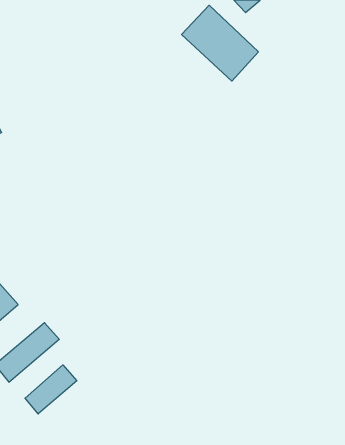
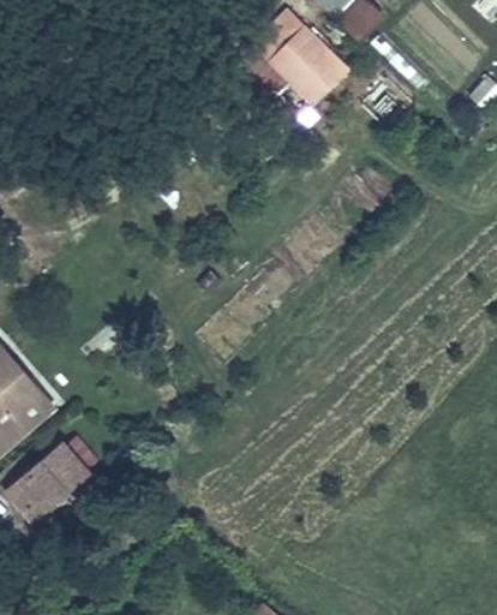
building: [25,365,77,414] -> none

